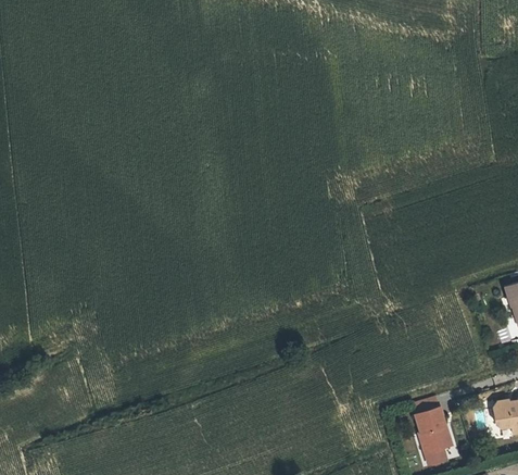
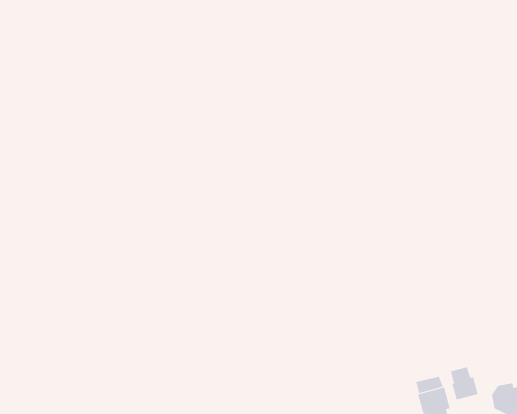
building: none -> [450,367,478,401]

